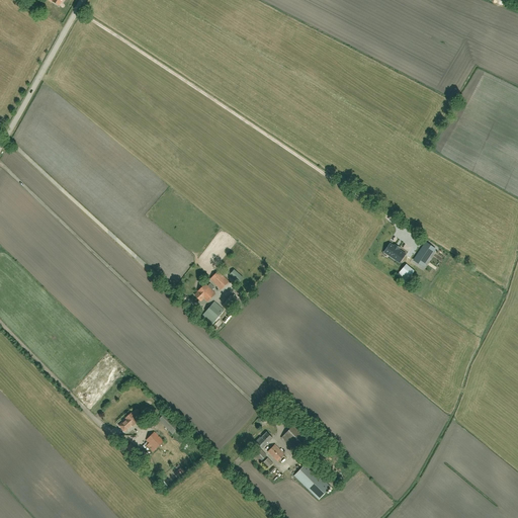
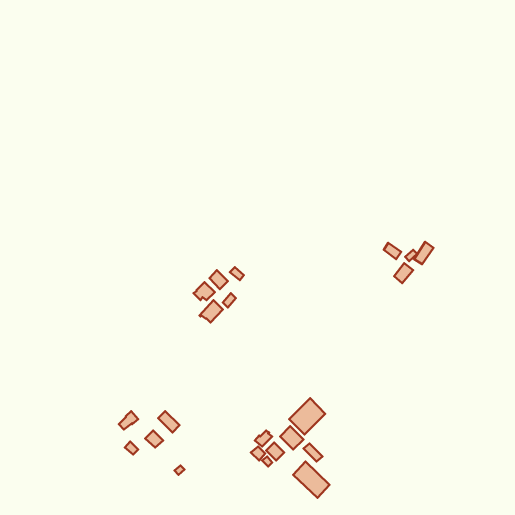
building: none -> [289,398,325,435]

